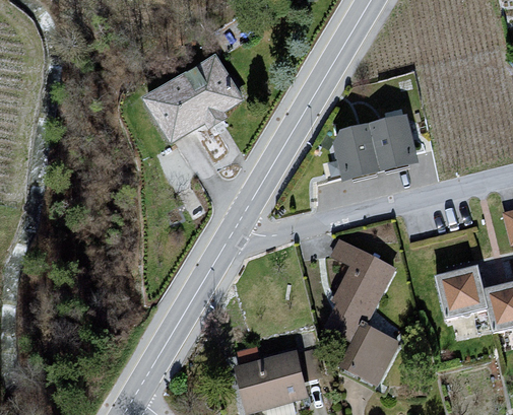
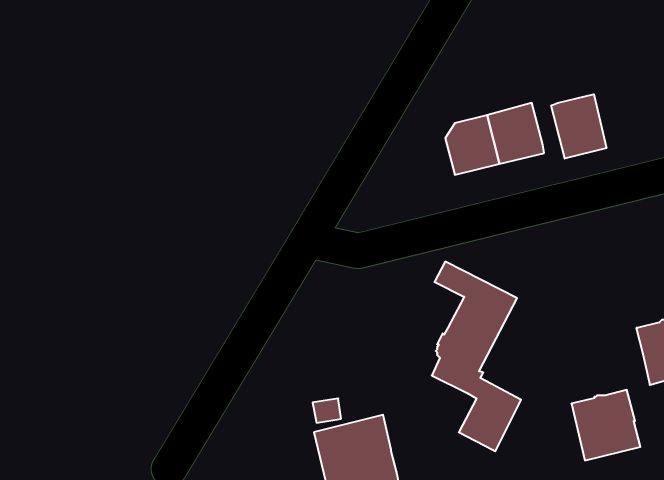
building: [147,57,240,139] -> none
building: none -> [551,94,606,159]
building: [436,265,488,318] -> [571,390,640,460]

